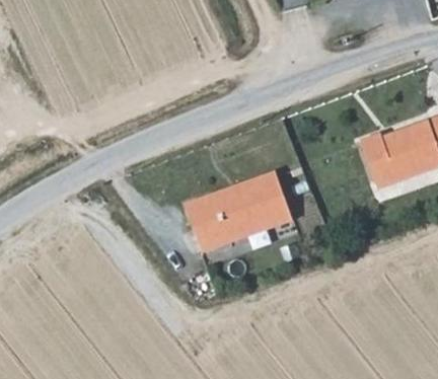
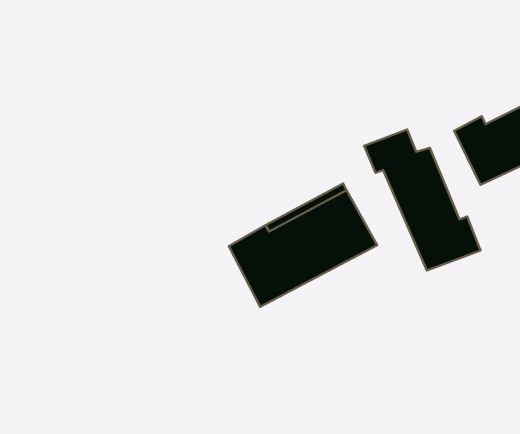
building: none -> [364,130,481,270]

